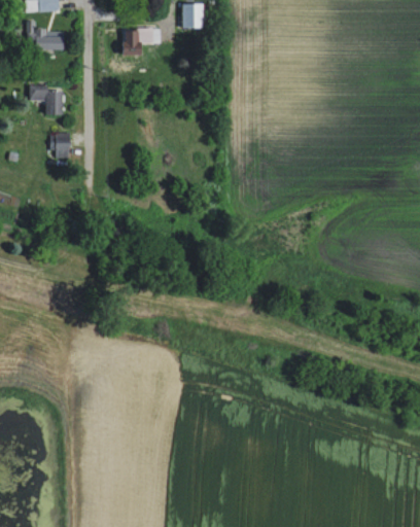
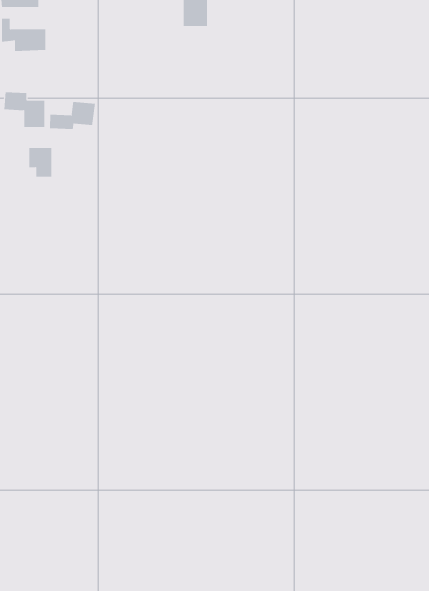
building: [124,29,160,56] -> none
building: none -> [49,101,95,130]

